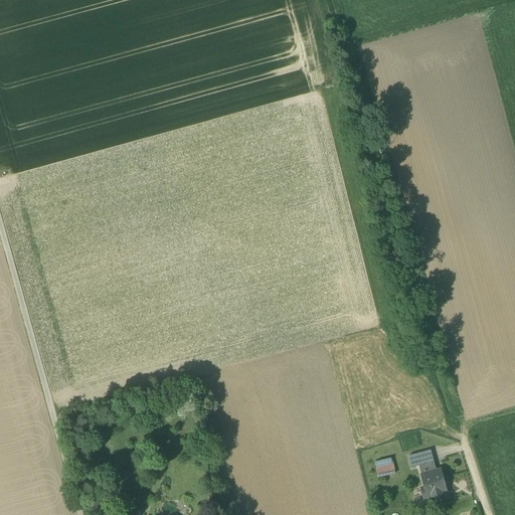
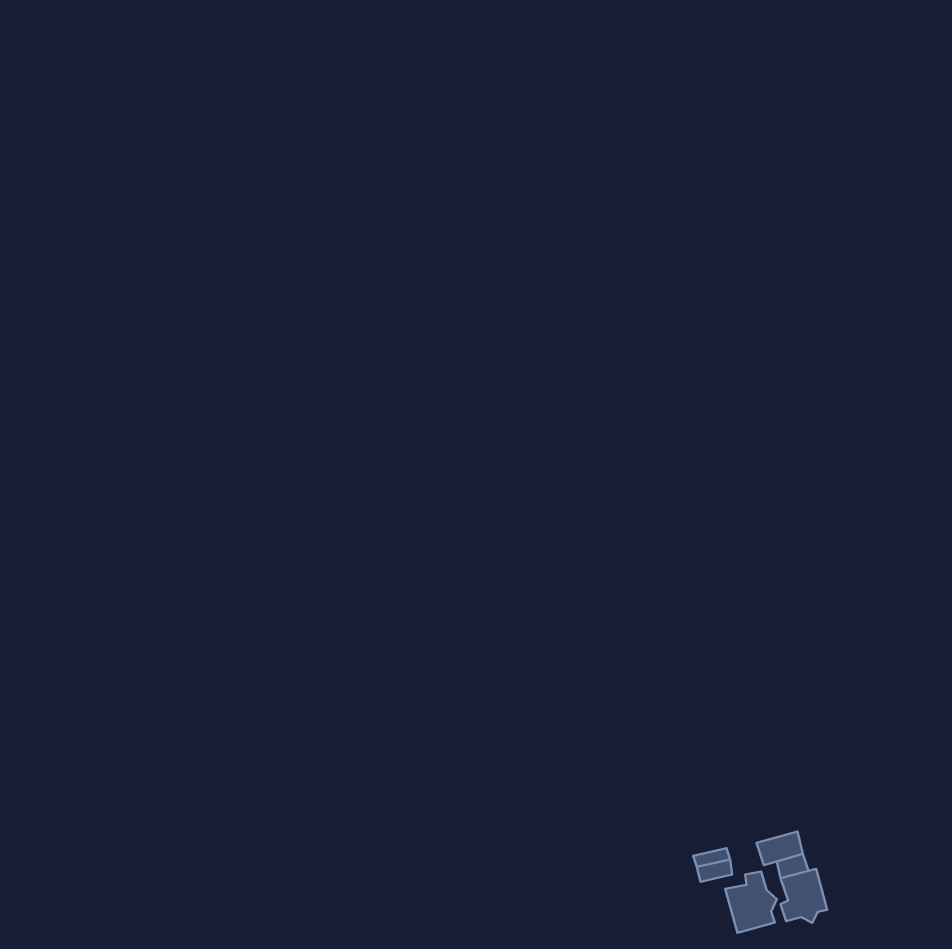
building: none -> [725,872,777,933]

